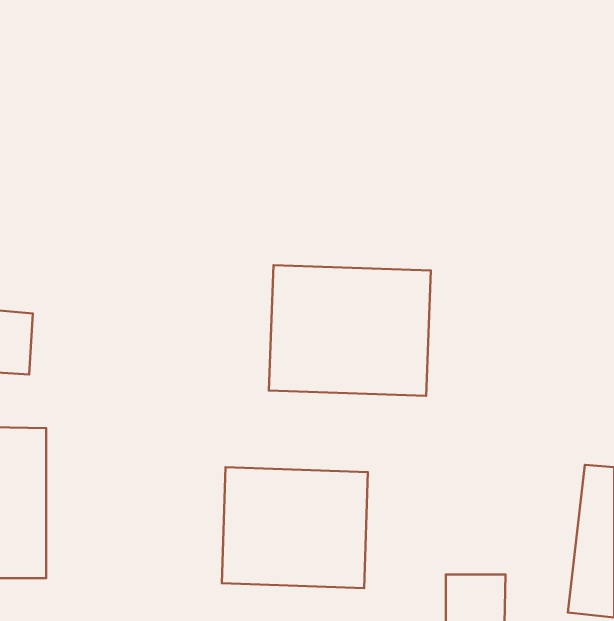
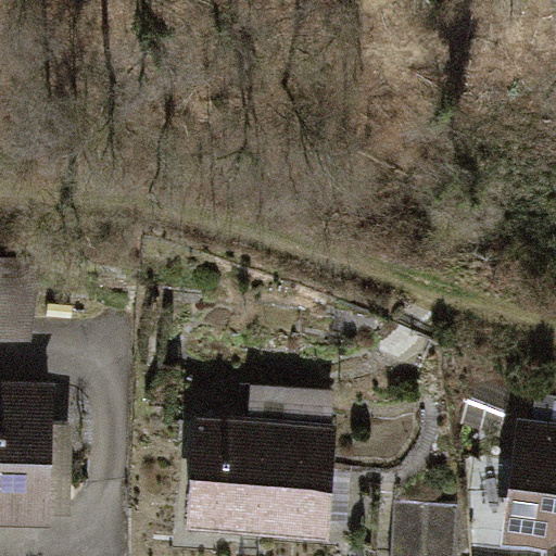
building: [269,265,431,396] -> none

